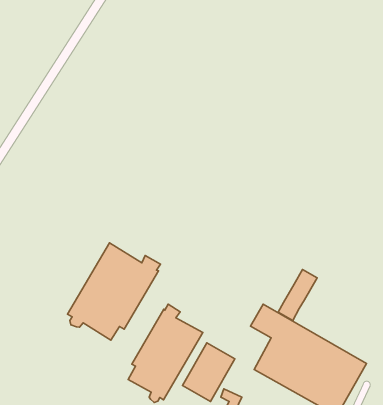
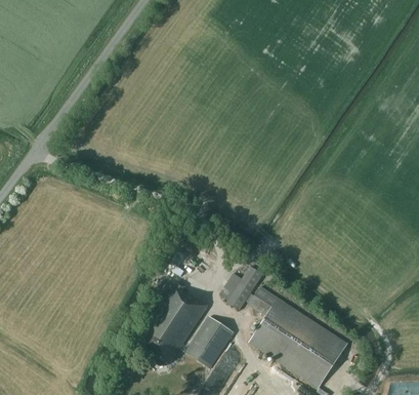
building: [68,243,161,340] -> none
building: [278,269,317,321] -> [226,266,262,310]

